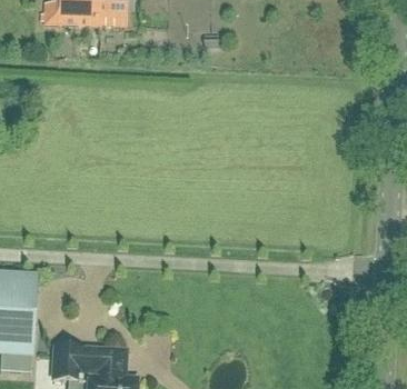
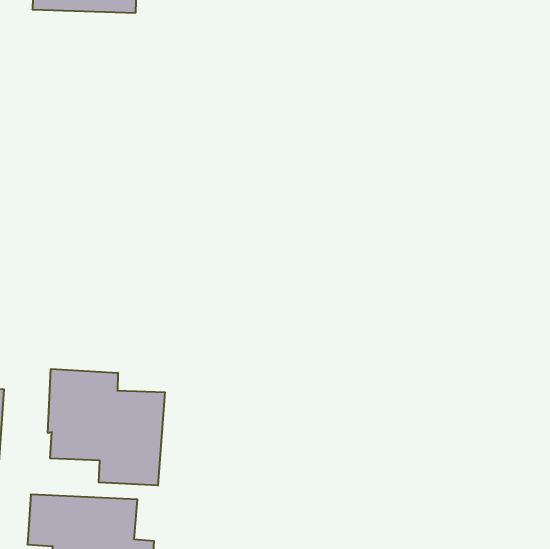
building: none -> [48,369,165,486]

